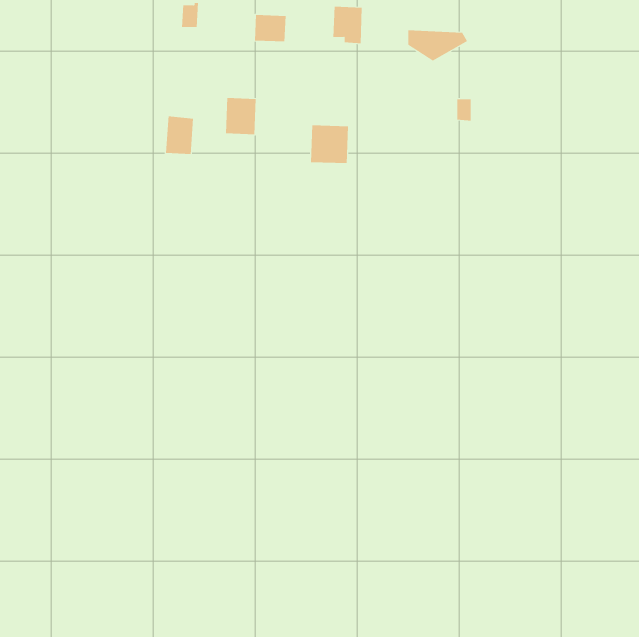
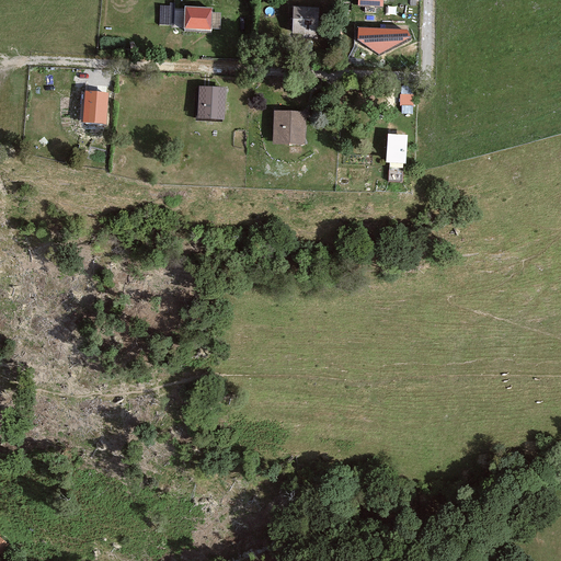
building: [254,14,287,42] -> [183,5,211,30]
building: [165,116,194,155] -> [82,90,107,124]
building: none -> [385,133,407,162]

